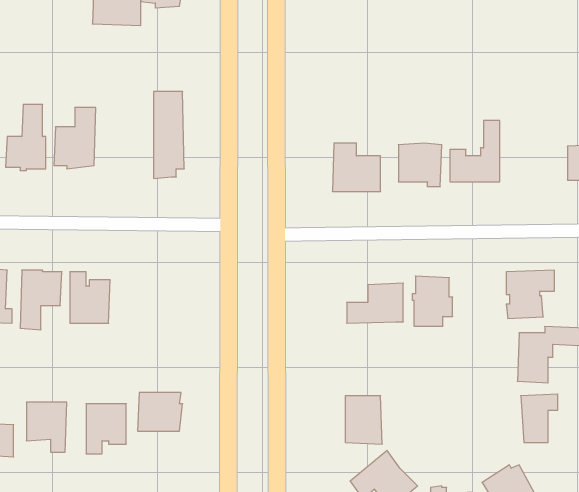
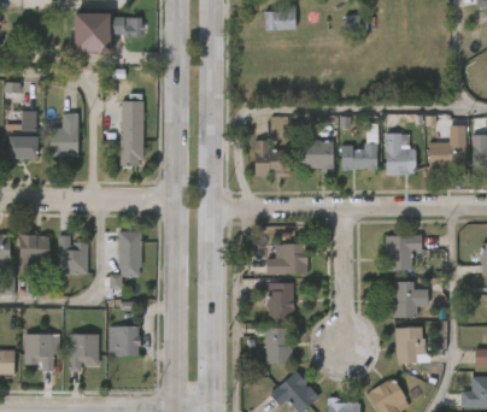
building: none -> [386,133,418,176]
building: none -> [116,231,140,277]
building: [412,276,453,326] -> [264,283,294,320]

